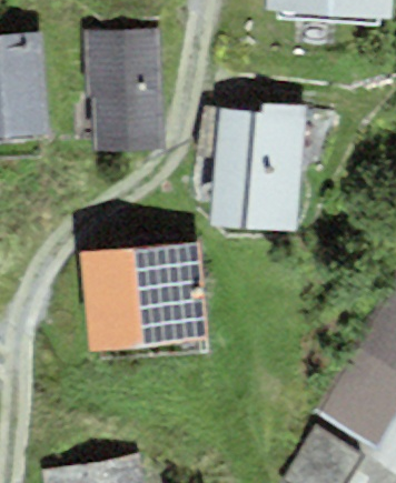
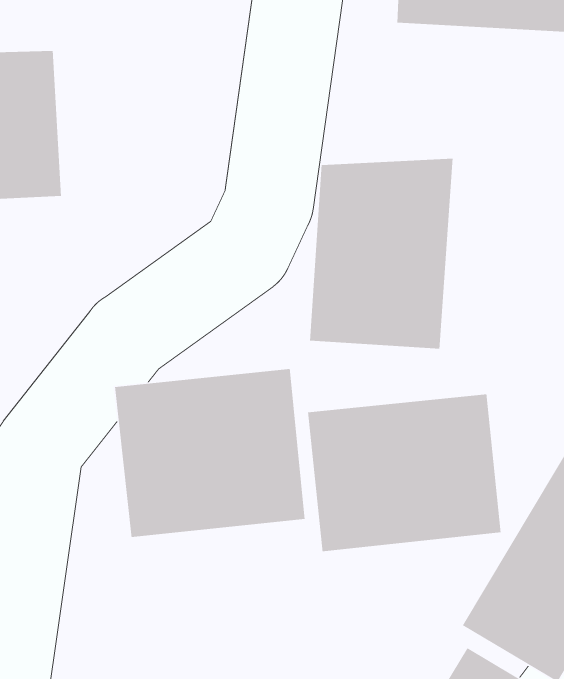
building: [86,29,161,151] -> none
building: none -> [307,394,501,552]

